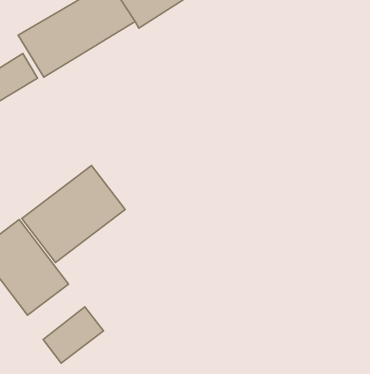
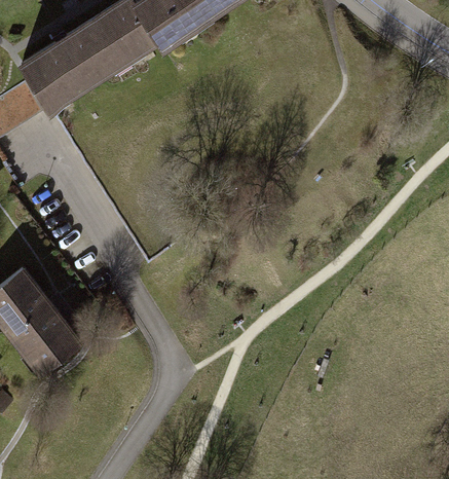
building: [22,166,125,262] -> none
building: [43,307,104,363] -> none

